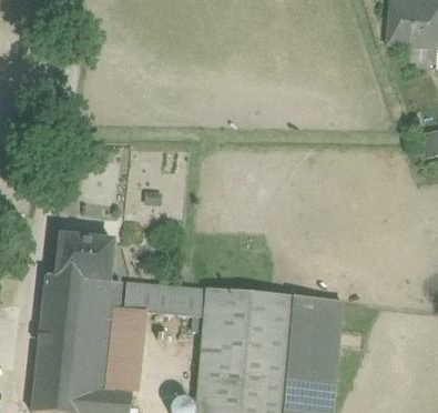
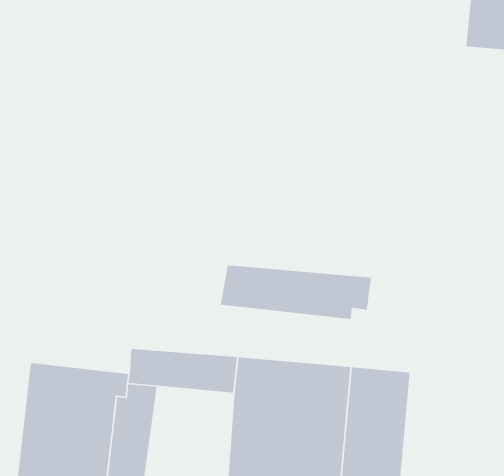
building: none -> [220,264,372,320]
building: [43,234,122,301] -> none

